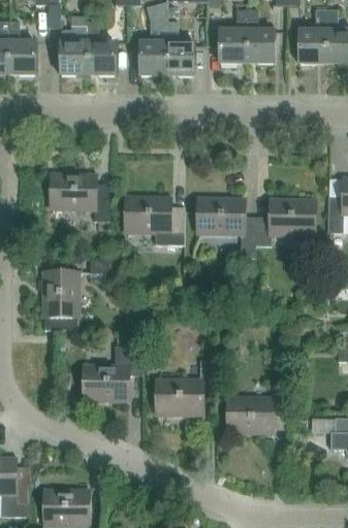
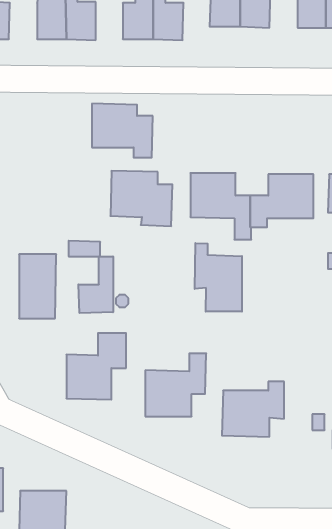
building: [54,172,109,222] -> [92,104,153,158]
building: none -> [195,243,242,312]
building: none -> [78,256,113,313]

